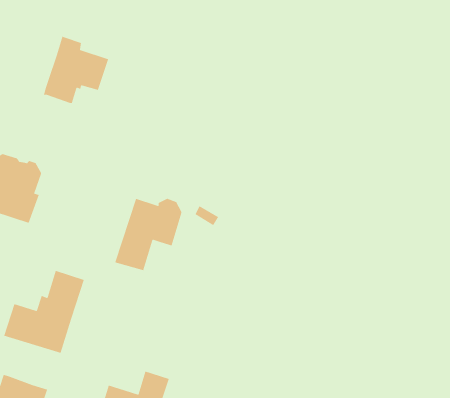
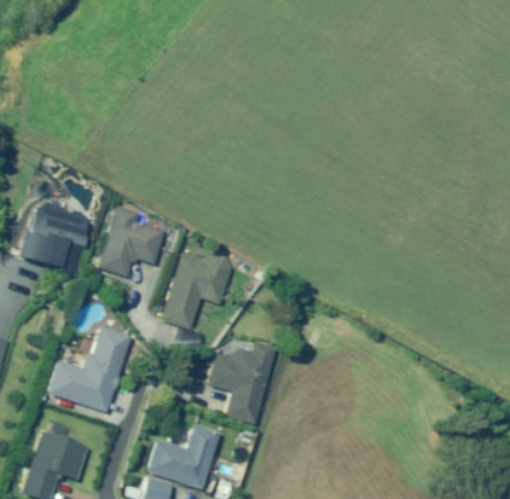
building: [43,35,109,104] -> [97,204,164,274]
building: none -> [208,340,276,423]

